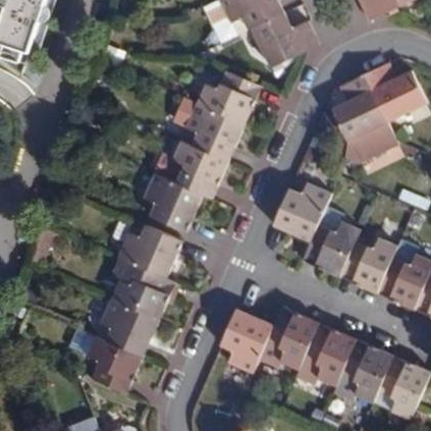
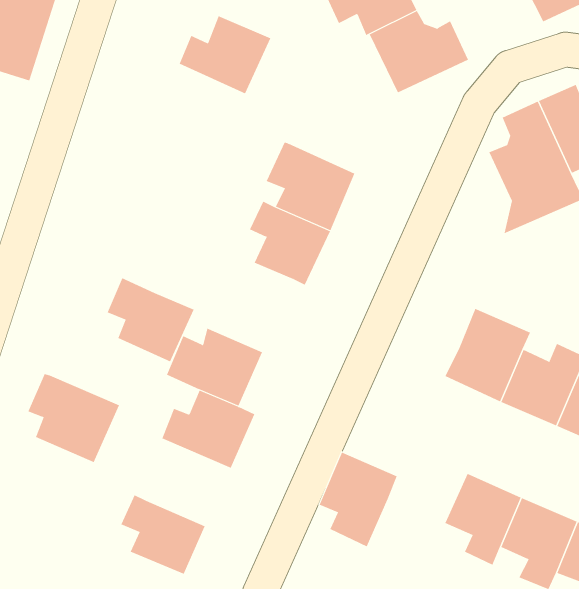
building: [198,70,260,123] -> [179,15,271,94]
building: [142,173,201,230] -> [107,278,195,362]
building: [274,181,332,241] -> none
building: [97,301,159,361] -> [28,374,120,463]
building: [265,309,318,371] -> none

